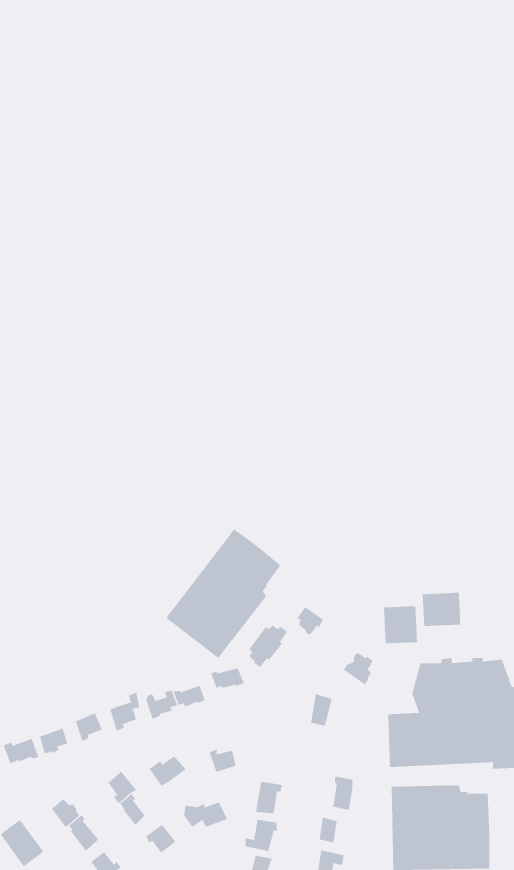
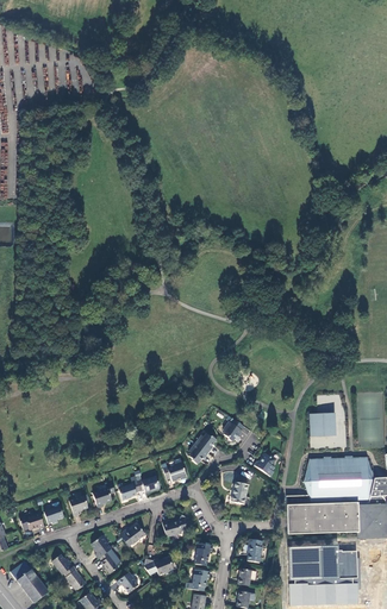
building: [166,529,281,659] -> none
building: [383,606,418,644] -> none

